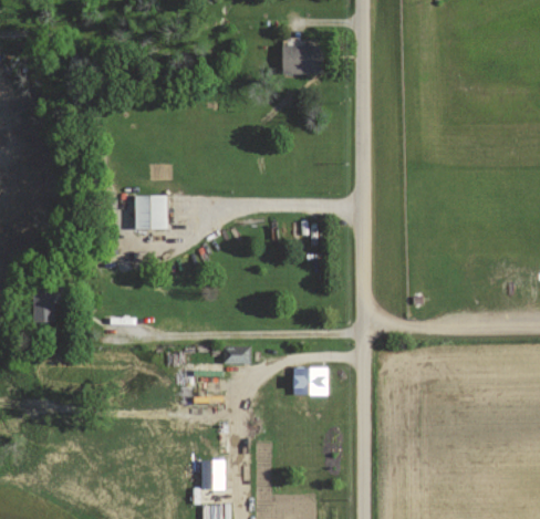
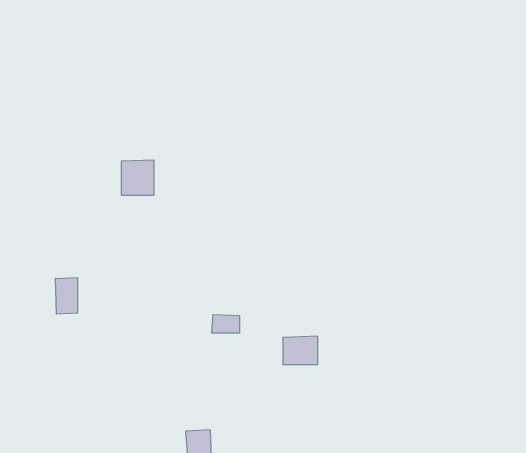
building: [282,45,323,74] -> none
building: [32,288,54,323] -> [55,278,78,314]

